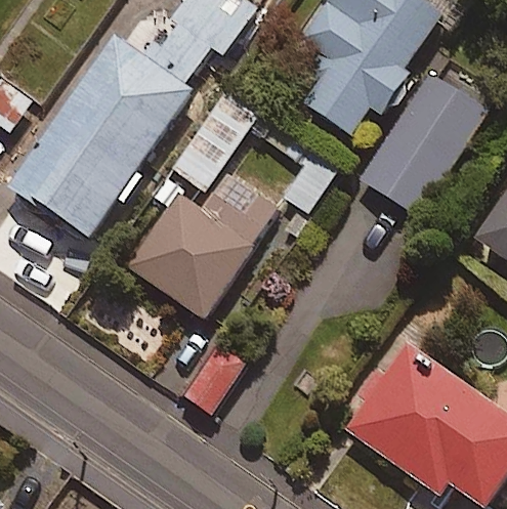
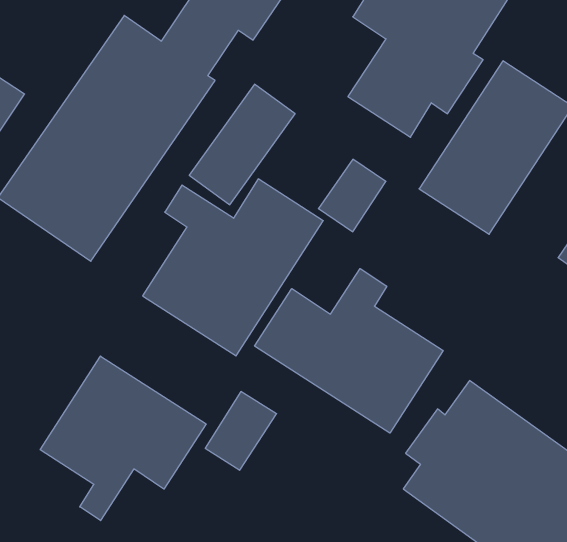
building: none -> [255,269,443,433]
building: none -> [40,356,206,521]

